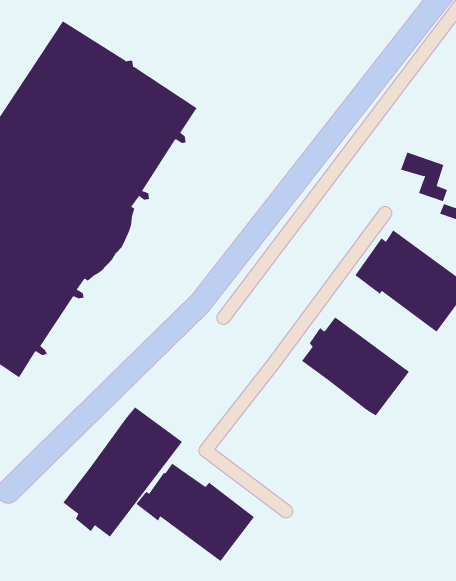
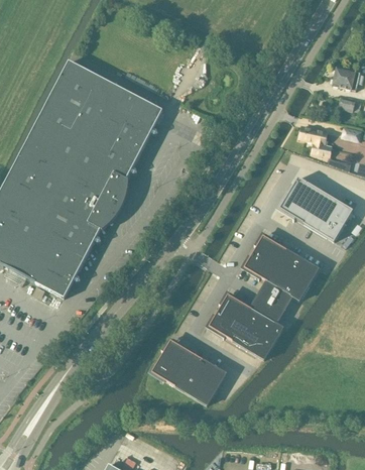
building: none -> [212,279,292,359]
building: [62,407,183,538] -> none

